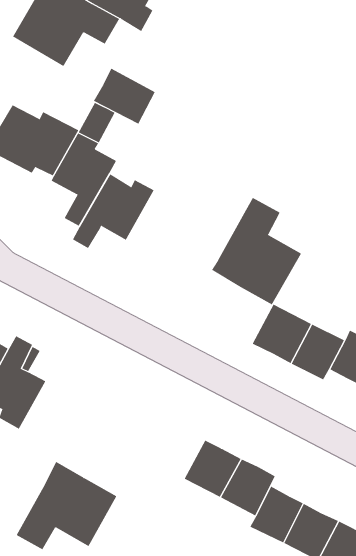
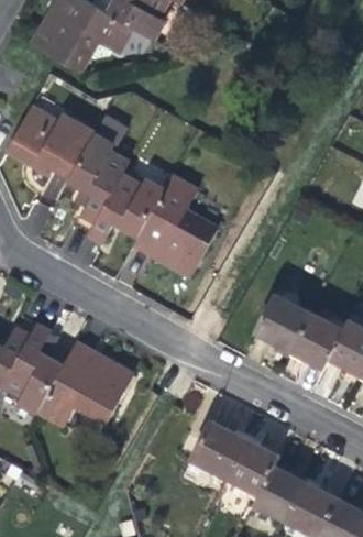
building: [93,68,155,124] -> none
building: [211,197,302,305] -> [131,176,216,277]
building: [16,461,117,550] -> [36,343,131,427]

